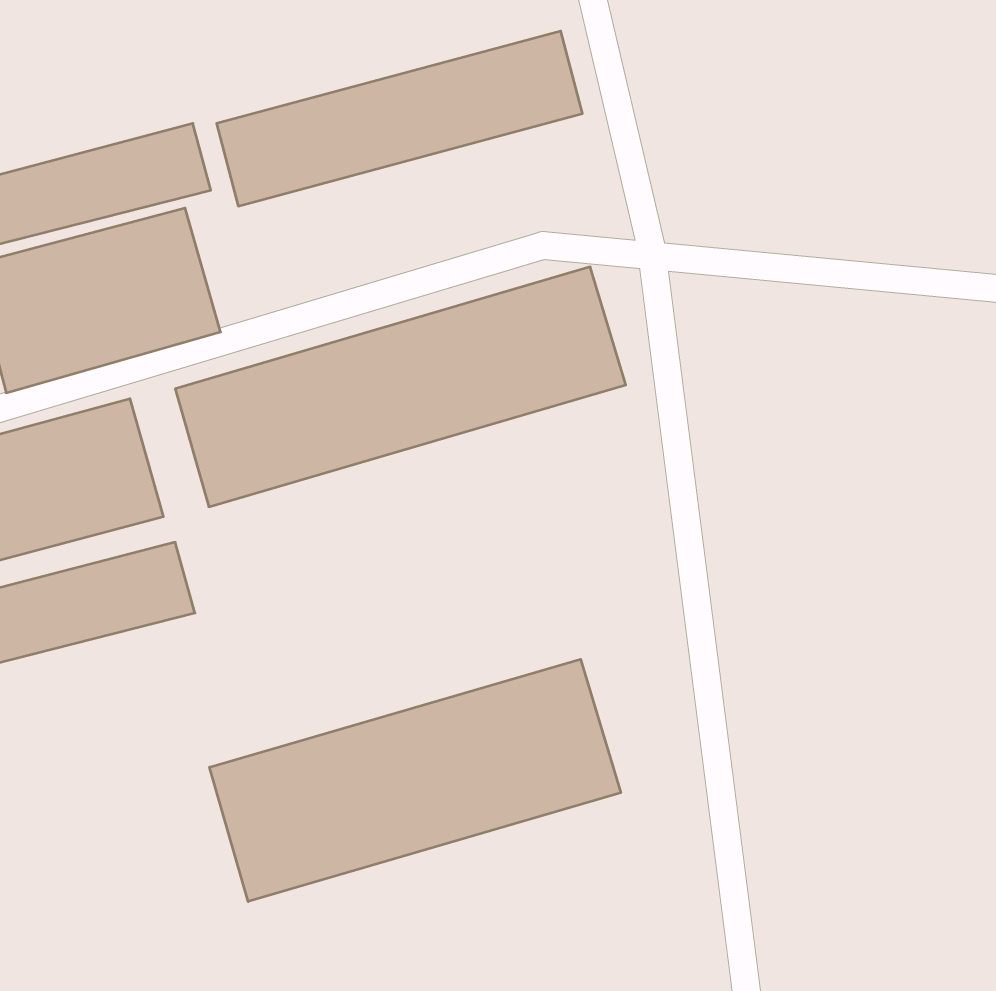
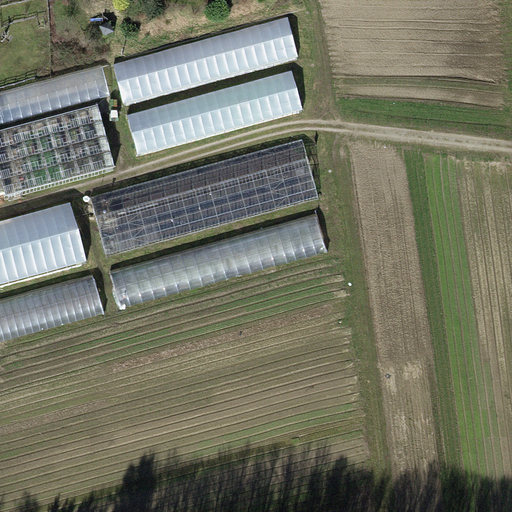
building: none -> [126,71,304,155]
building: none -> [111,216,321,306]
building: [210,659,621,902] -> none

